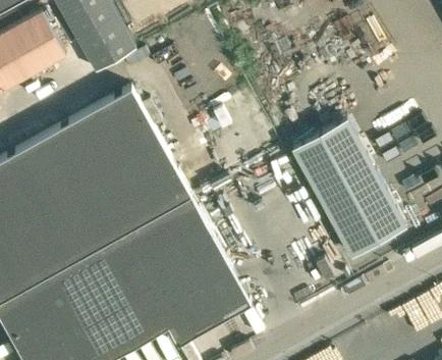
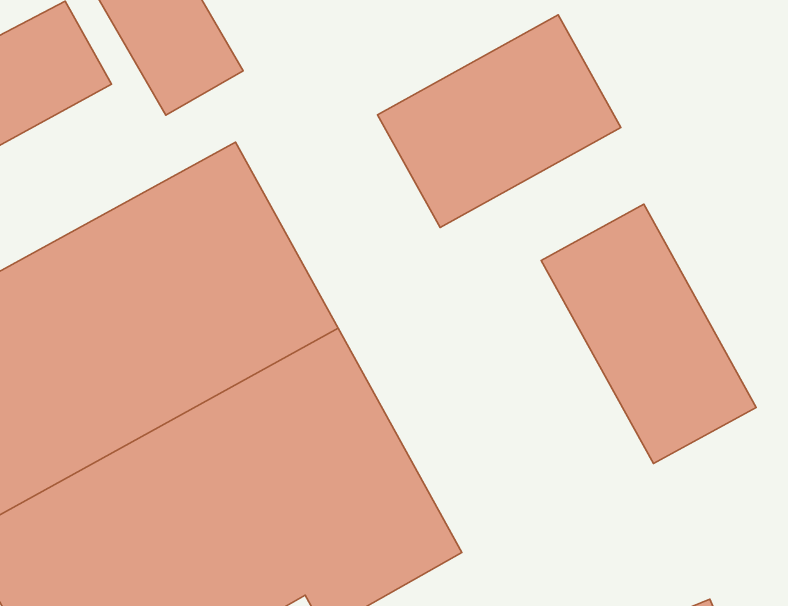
building: none -> [377,15,621,227]

